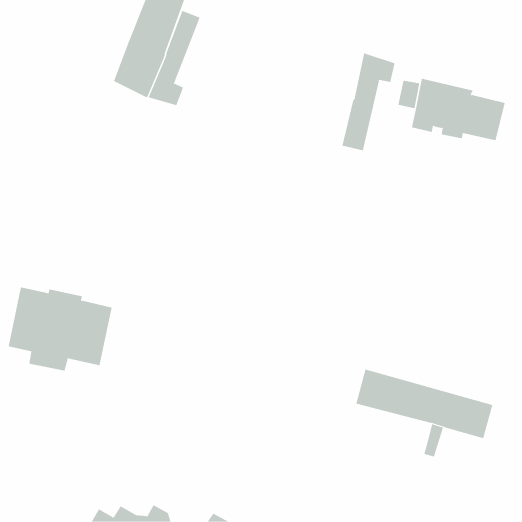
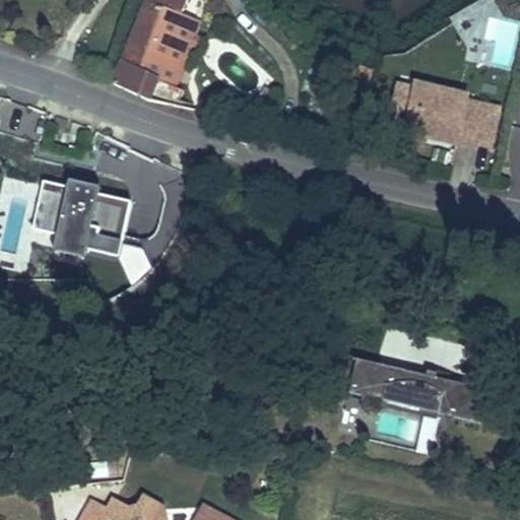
building: [342,53,395,151] -> none
building: [8,287,113,371] -> [29,180,133,263]

